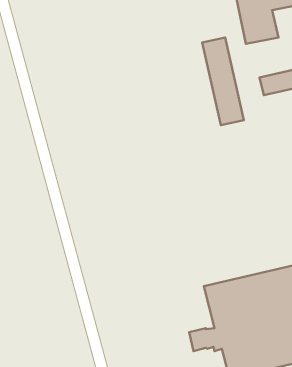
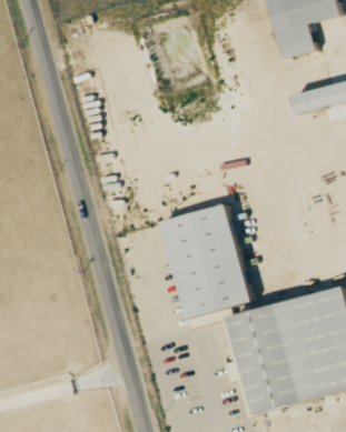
building: [202,38,244,125] -> none
building: none -> [157,203,246,328]

